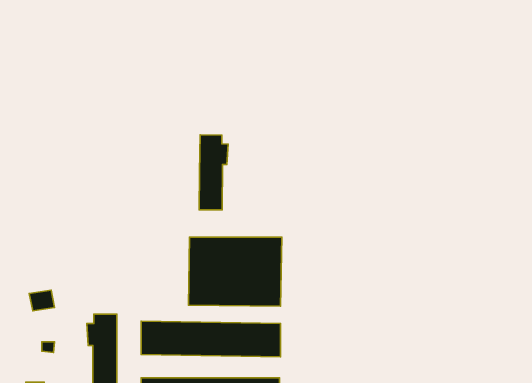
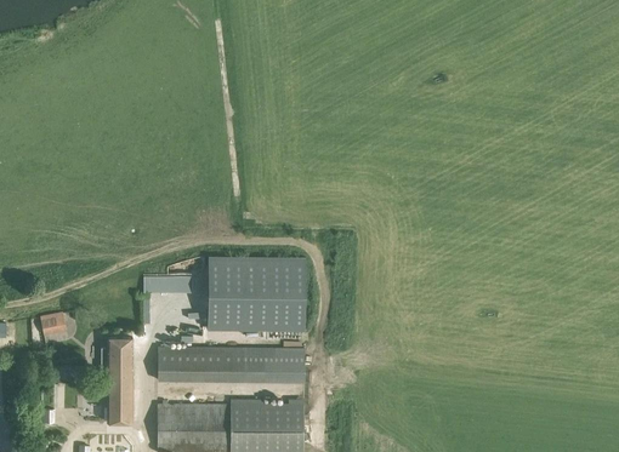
building: [199,135,228,210] -> none
building: none -> [144,274,193,291]

